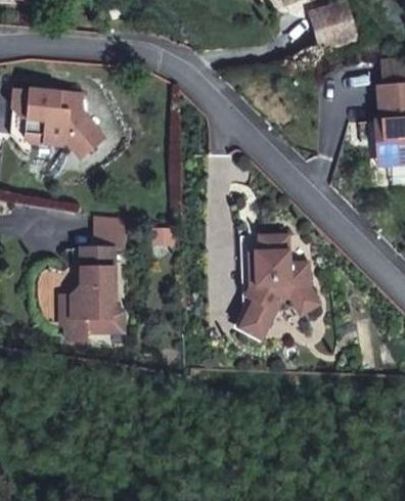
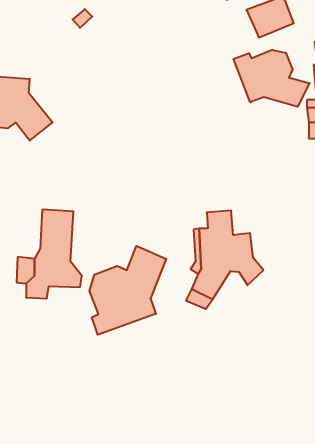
building: none -> [234,50,310,107]
building: none -> [90,246,166,335]

